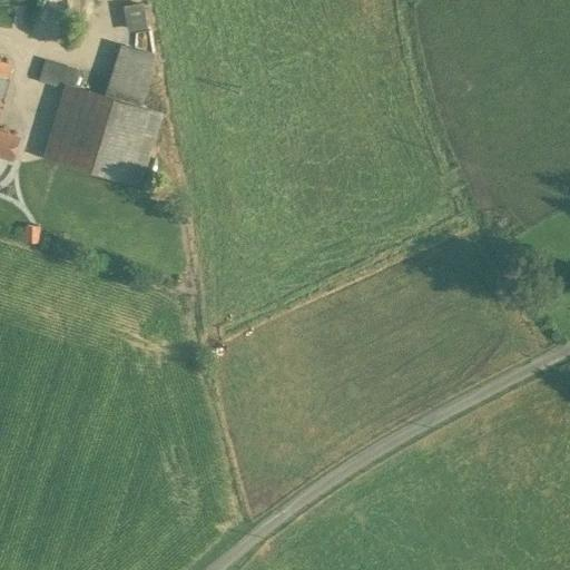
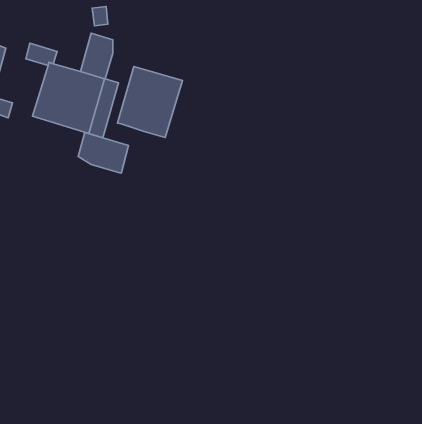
building: none -> [117,66,182,137]
building: none -> [78,132,129,173]

